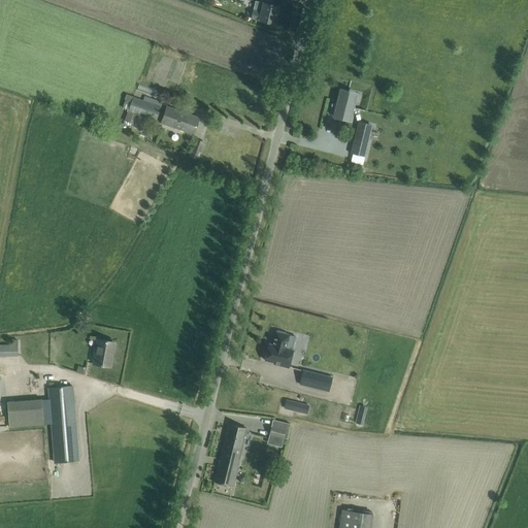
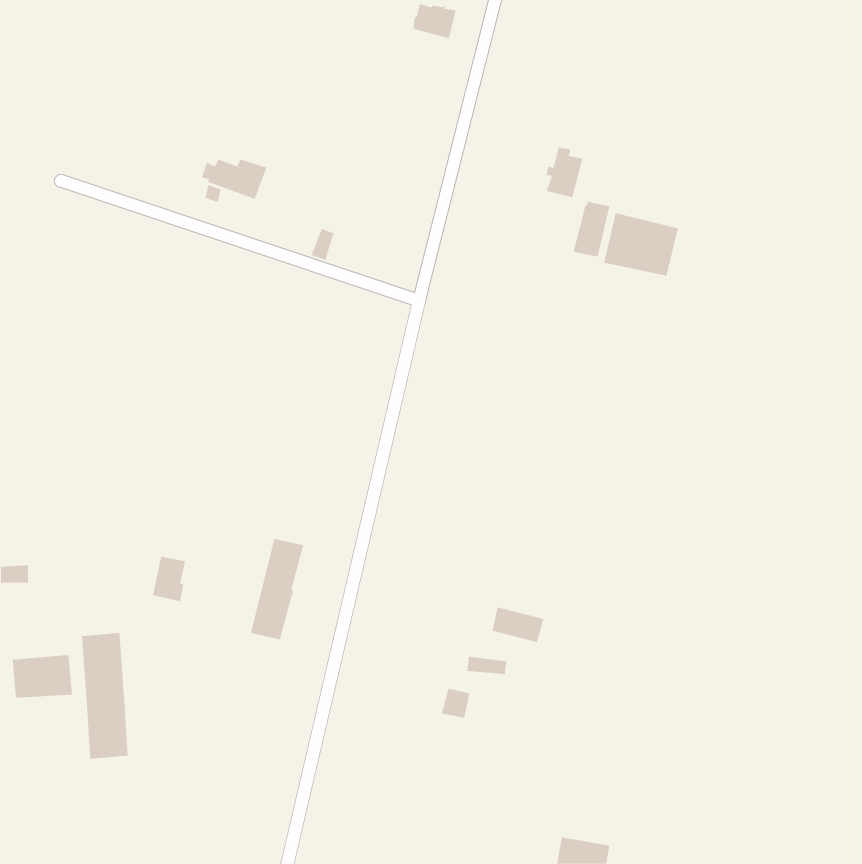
building: [162,106,200,134] -> none
building: none -> [603,213,678,276]
building: [266,331,294,367] -> none
building: [216,425,249,487] -> [250,538,304,640]

